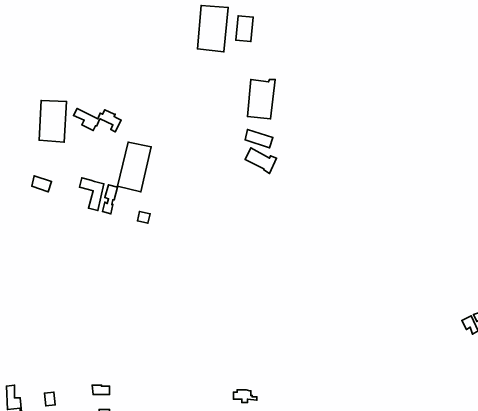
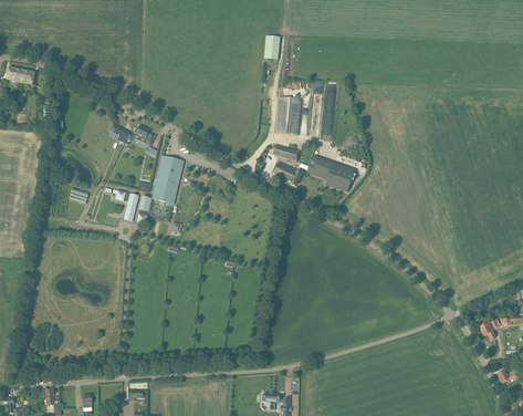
building: [197,5,228,52] -> none
building: [39,100,66,142] -> none
building: none -> [307,156,355,191]

